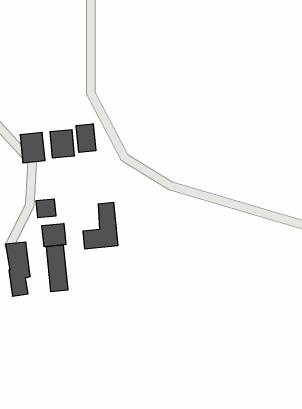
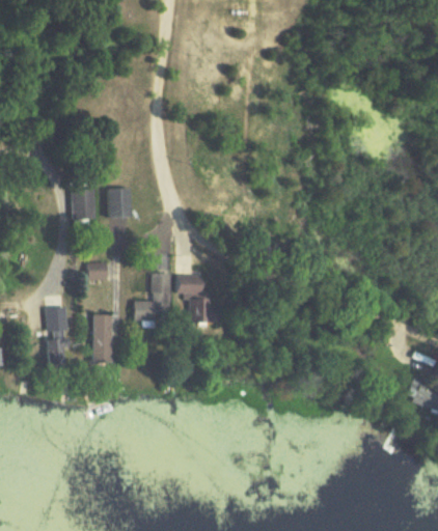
building: [76,124,96,152] -> none
building: none -> [174,275,209,322]
building: [42,223,66,247] -> none

